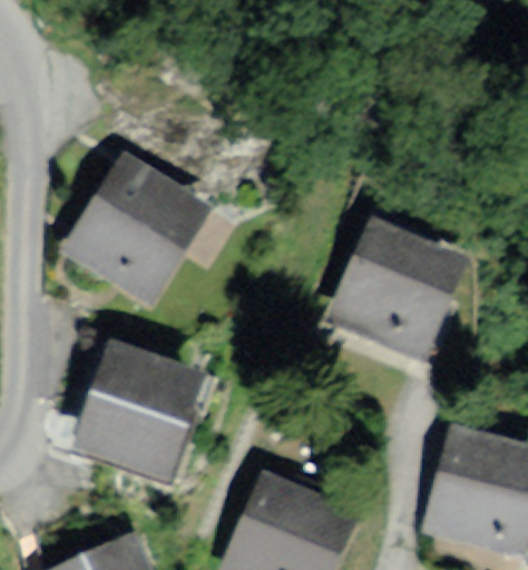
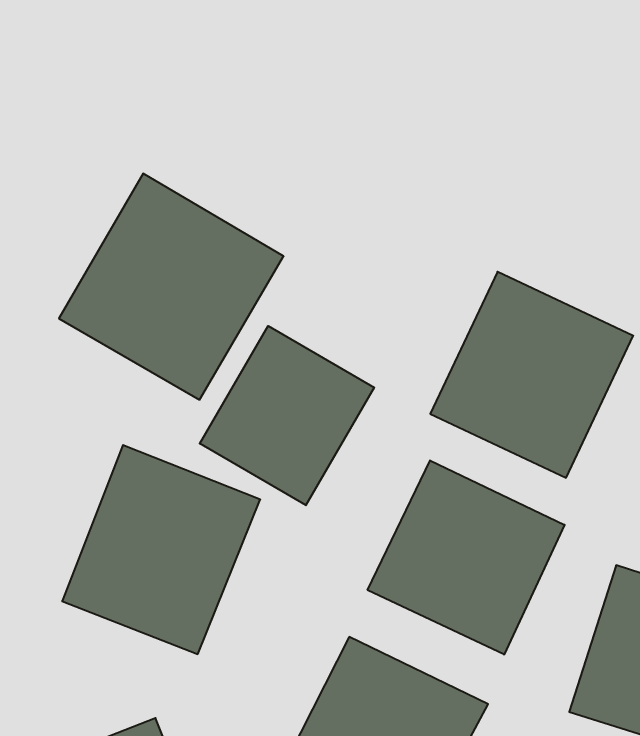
building: none -> [200,326,374,505]
building: none -> [368,460,565,655]

